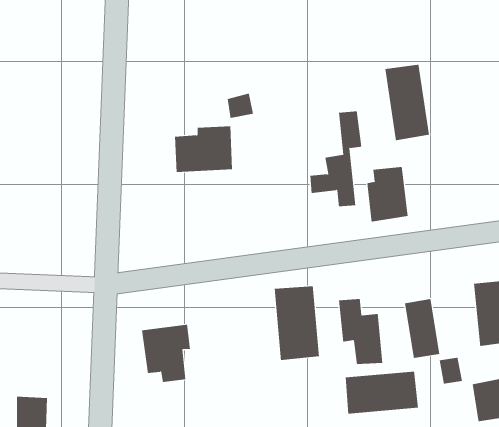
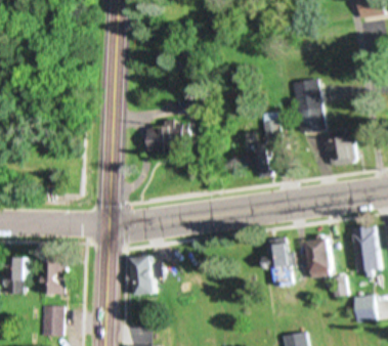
building: [366,166,408,222] -> [326,128,354,166]
building: [274,285,319,361] -> none
building: none -> [41,262,72,290]
building: [345,371,418,414] -> none

